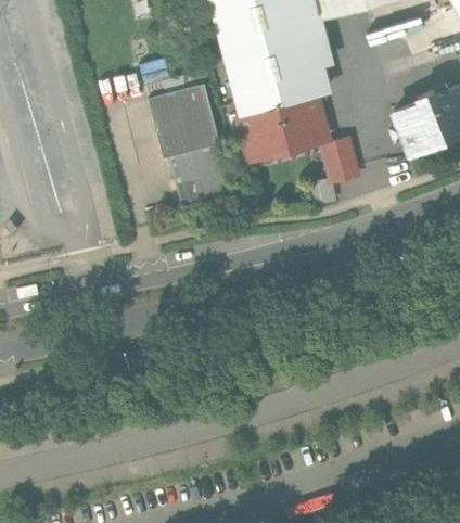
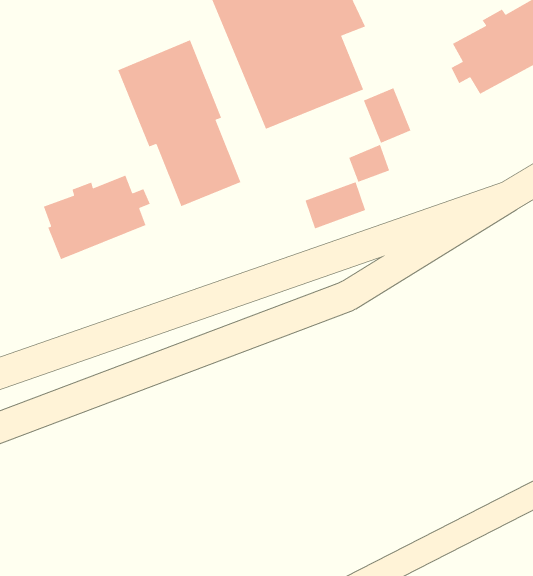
building: none -> [43,174,151,260]
building: none -> [304,181,366,229]

